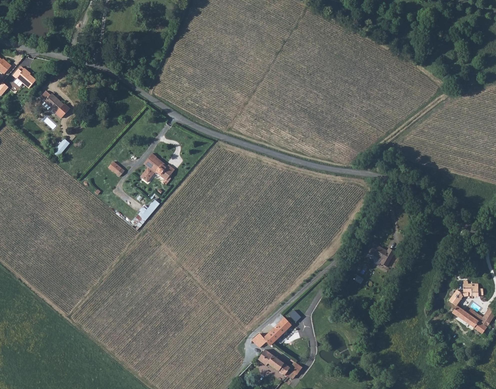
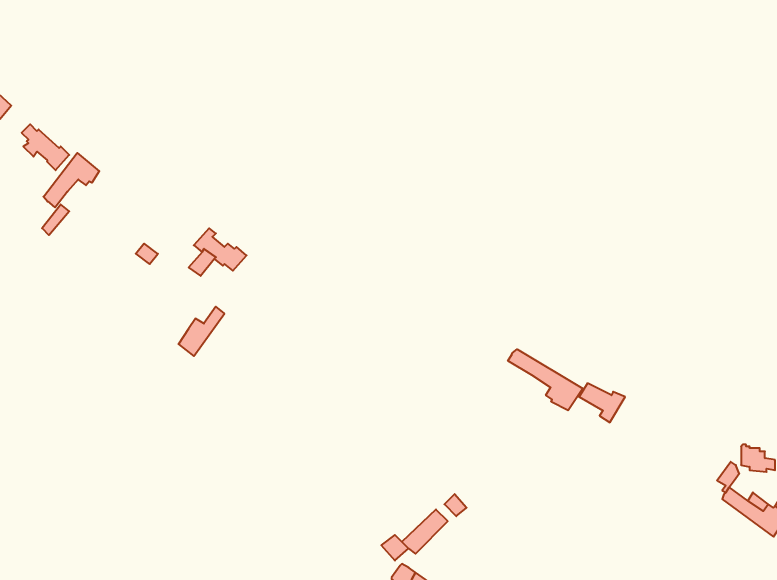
building: none -> [43,153,99,207]
building: none -> [508,349,583,410]

